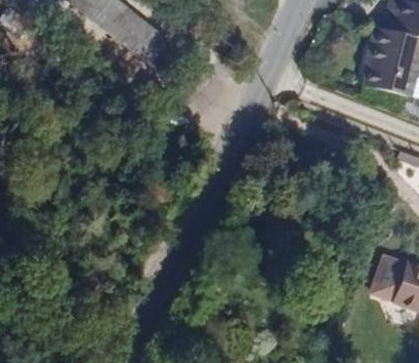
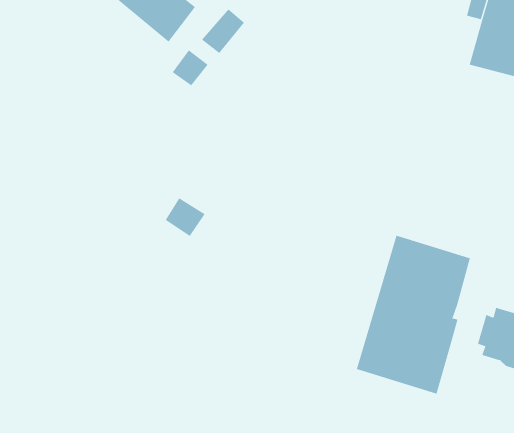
building: none -> [356,235,470,395]

